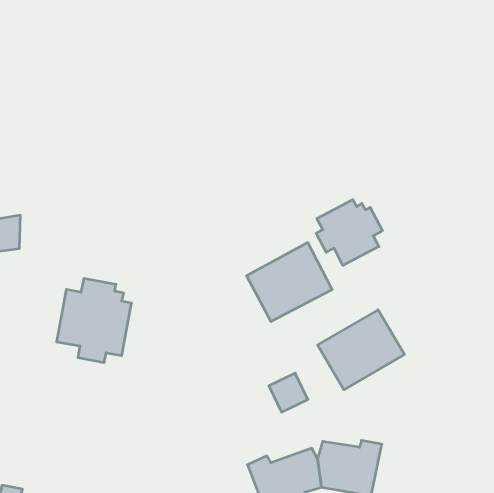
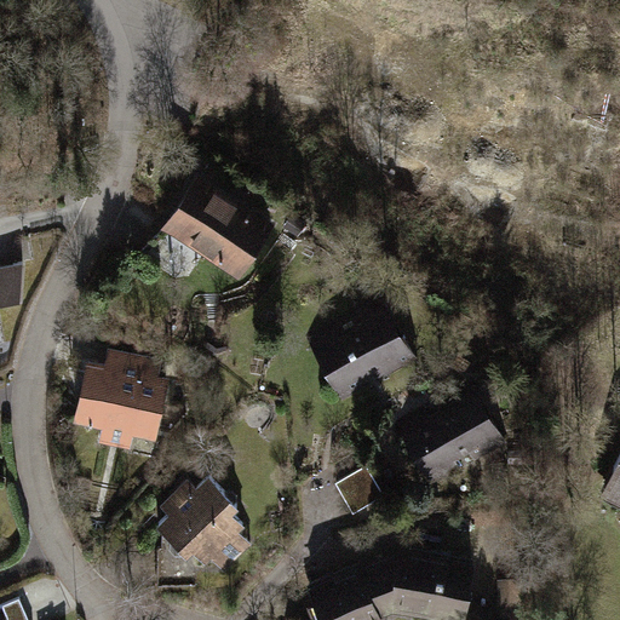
building: none -> [162,183,275,287]
building: [316,200,382,265] -> none
building: none -> [167,473,263,574]

